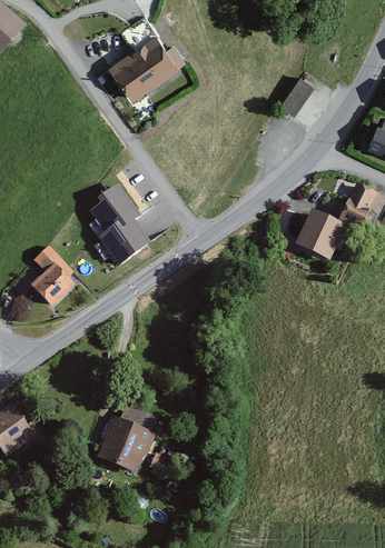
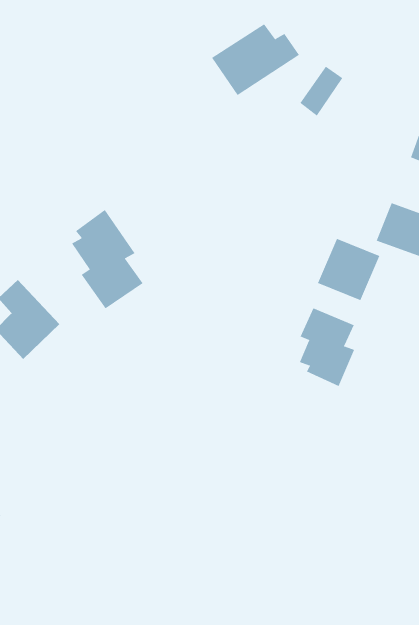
building: [111,39,184,98] -> [211,24,300,96]
building: none -> [299,308,355,387]
building: [89,416,156,480] -> none

